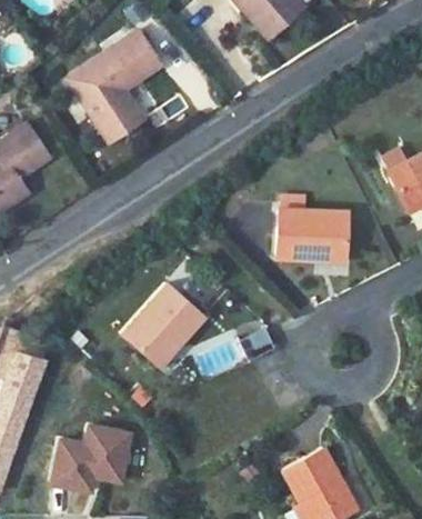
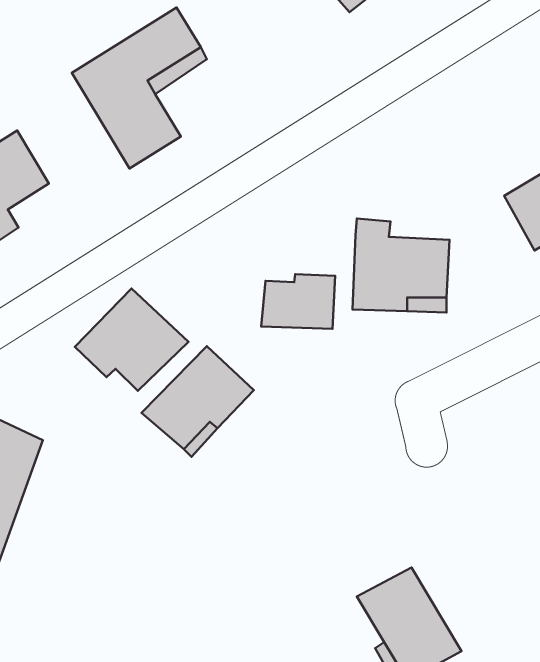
building: none -> [261,274,335,329]
building: none -> [75,289,188,391]
building: [51,427,131,492] -> none

